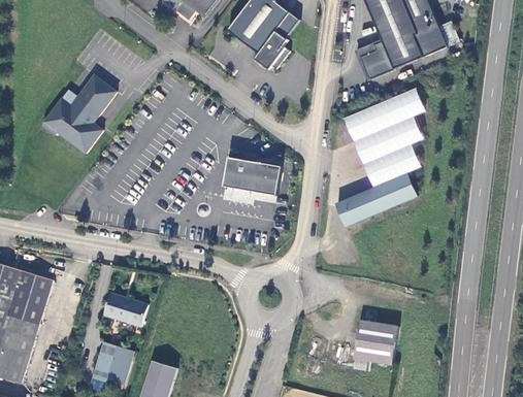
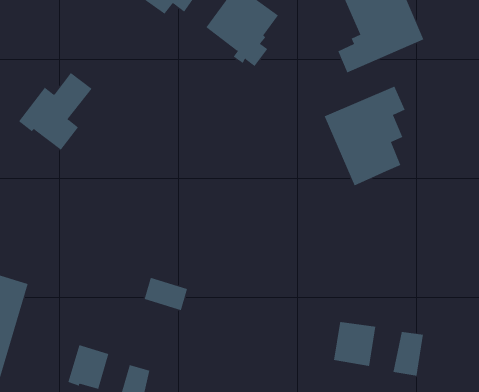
building: [222,151,280,195] -> none
building: [334,172,415,226] -> none
building: [103,294,146,327] -> [144,277,188,311]
building: none -> [393,331,424,377]

